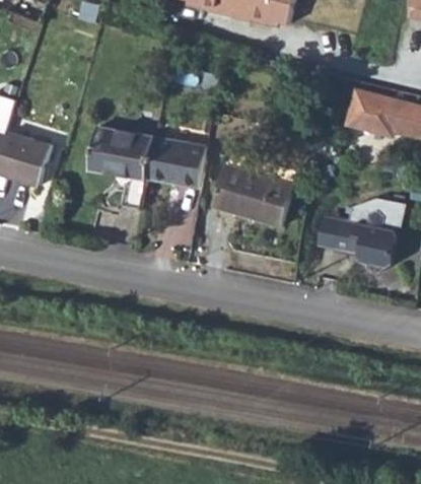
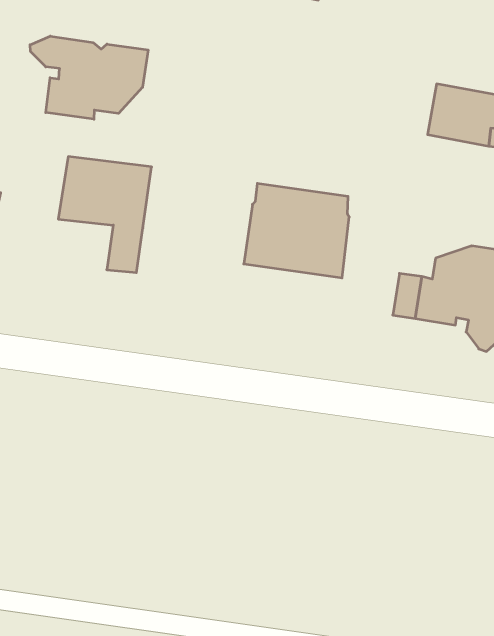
building: none -> [30,36,148,119]
building: [147,136,207,186] -> none

